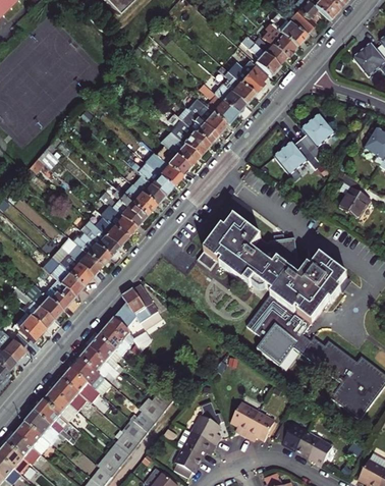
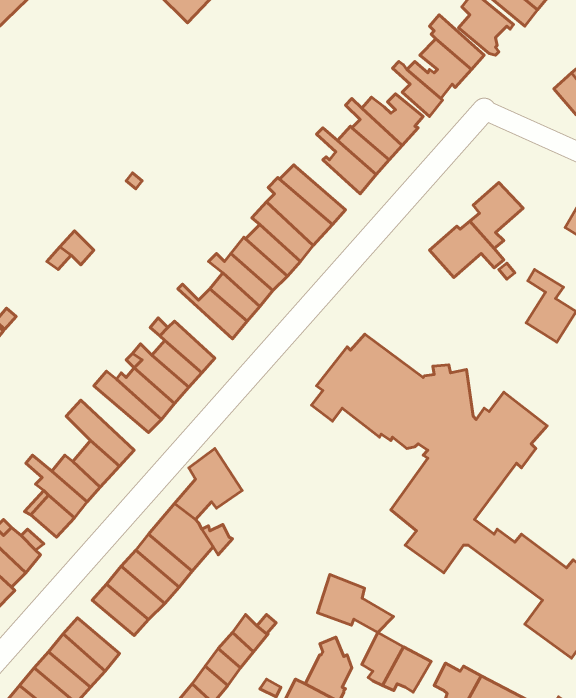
building: [187,96,228,134] -> none
building: [101,184,148,228] -> none
building: [52,246,95,286] -> none
building: none -> [317,574,394,632]
building: [50,381,86,415] -> none

